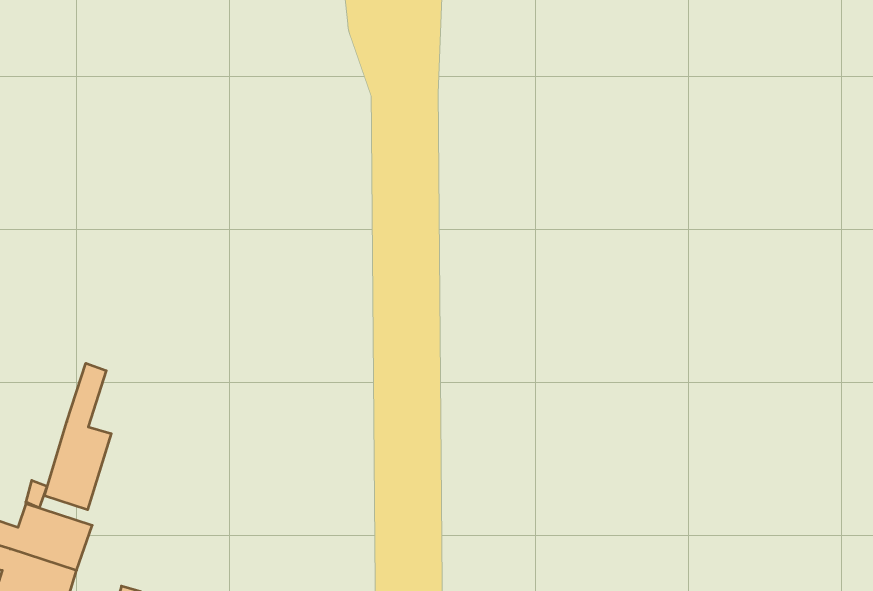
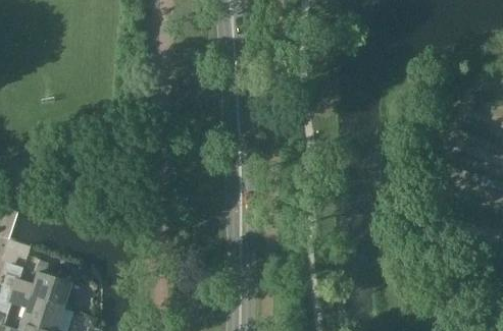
building: [44,363,111,510] -> none

